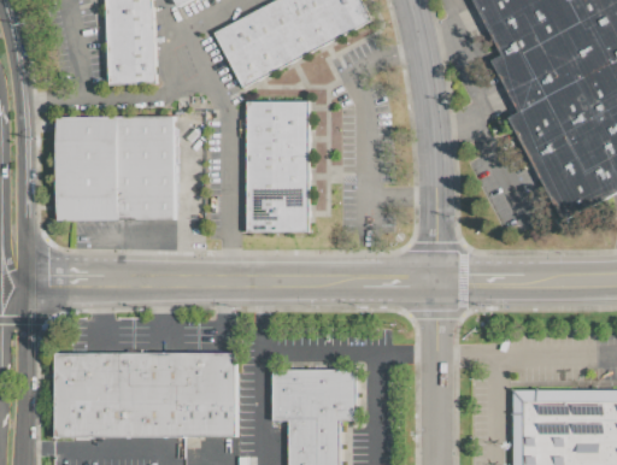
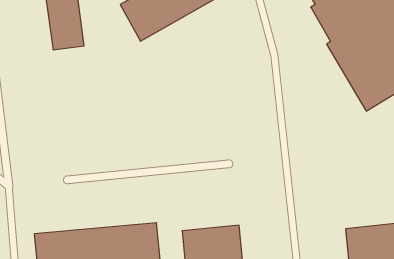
building: [246,101,308,232] -> none
building: [55,116,174,220] -> none

